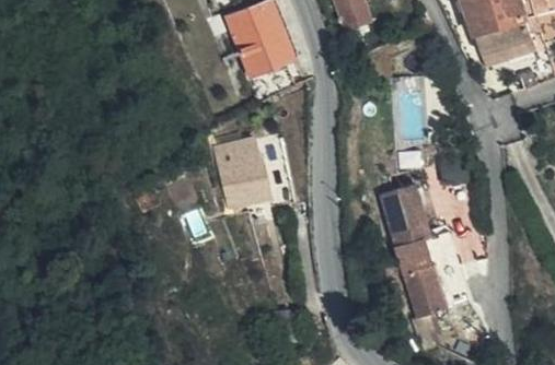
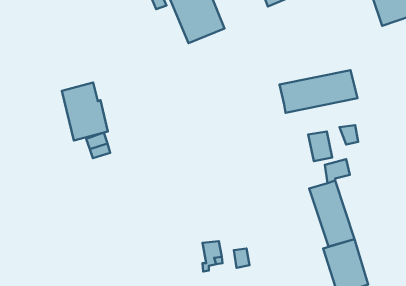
building: none -> [279,70,358,113]
building: [215,139,269,208] -> [62,83,108,141]

